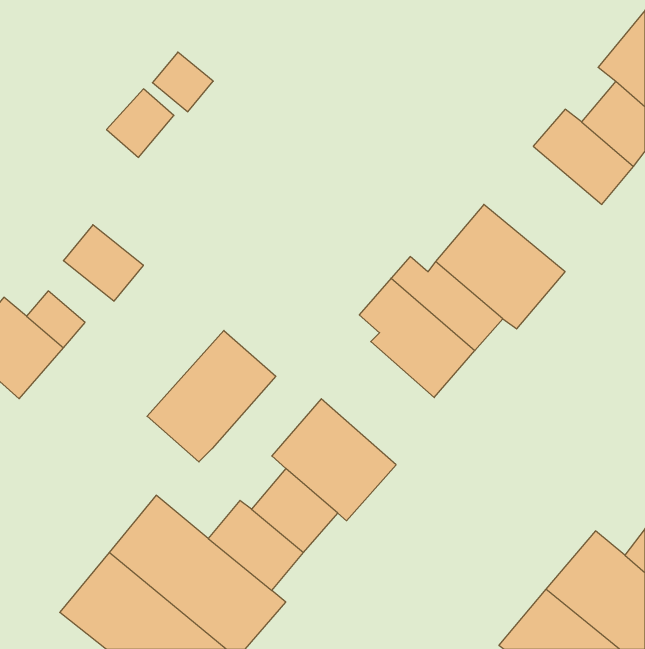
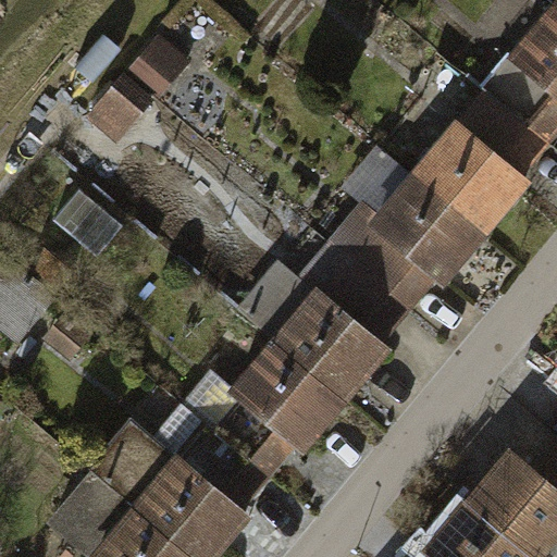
building: none -> [414,125,525,233]
building: [147,330,276,462] -> none
building: none -> [275,293,382,398]

